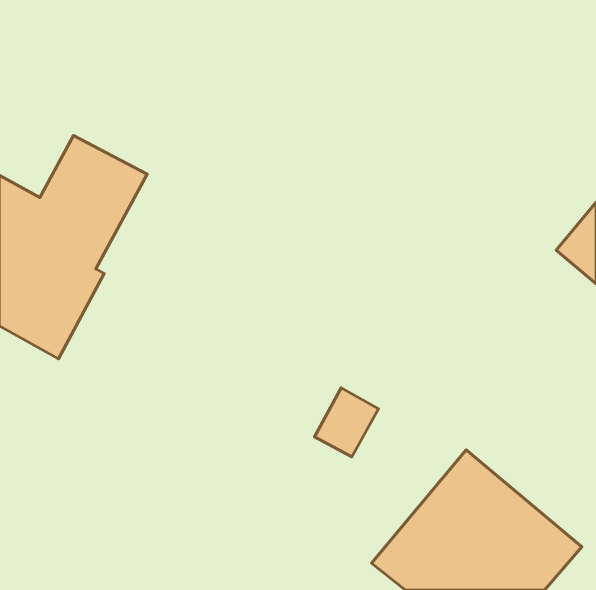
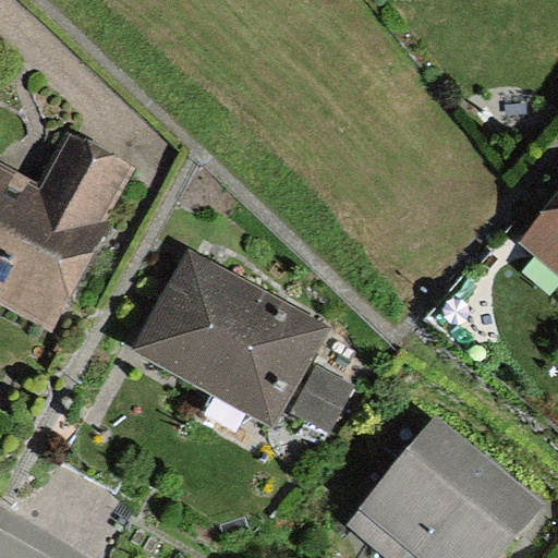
building: none -> [132,250,327,432]

